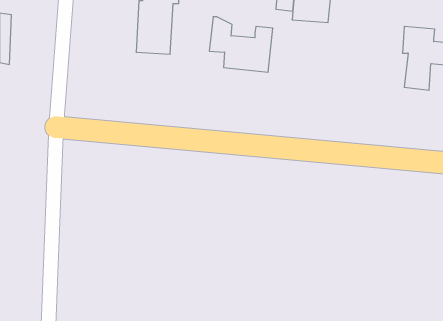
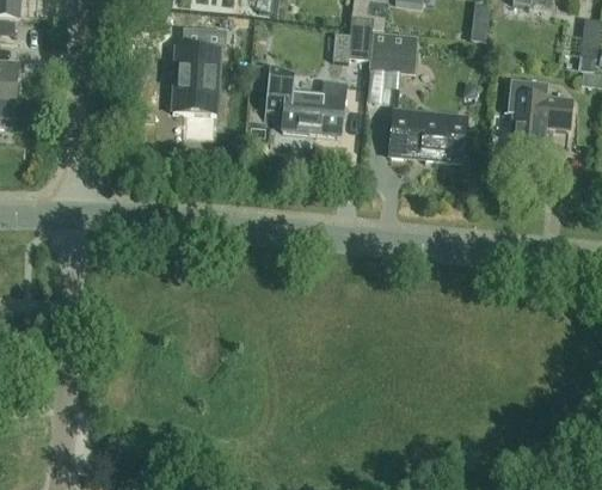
building: none -> [389,110,465,163]

